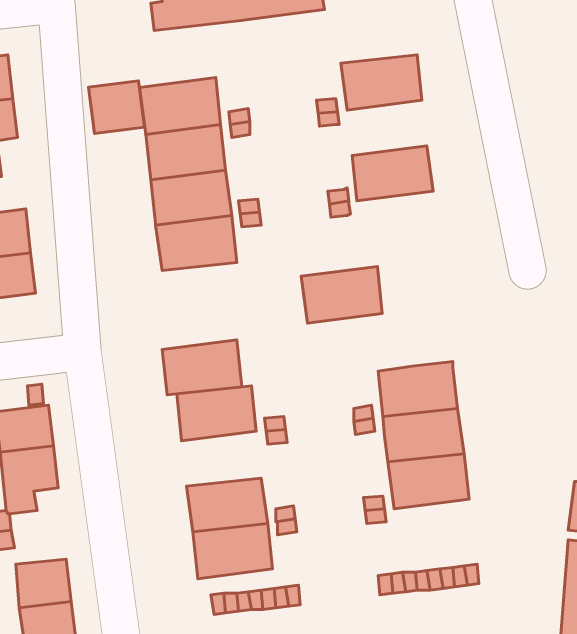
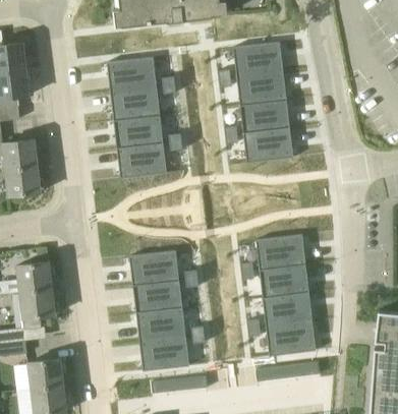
building: [88,81,145,134] -> none
building: none -> [236,71,286,106]
building: [301,266,382,323] -> [242,128,293,164]
building: [162,340,242,395] -> [132,279,182,313]
building: none -> [266,321,316,356]

